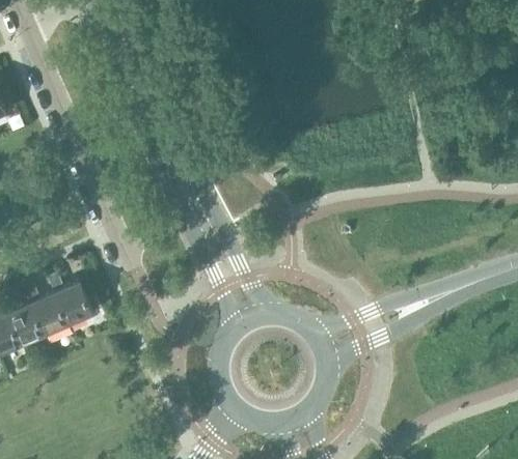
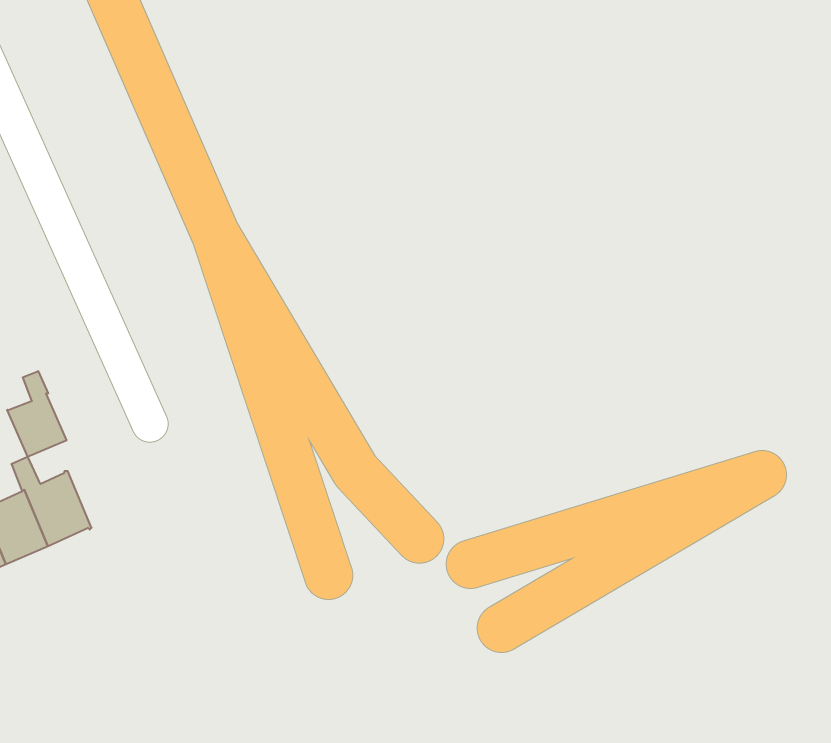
building: none -> [7,371,66,457]

